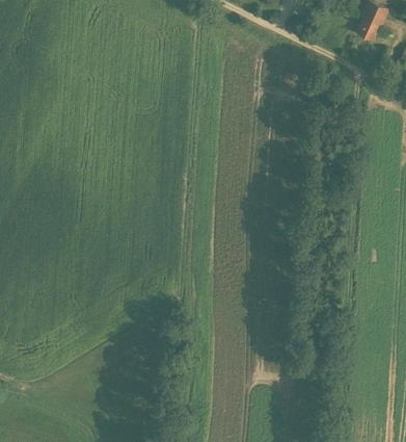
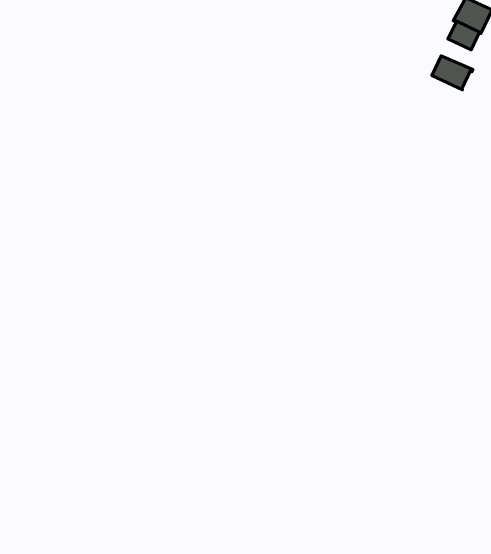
building: none -> [432,56,473,90]

